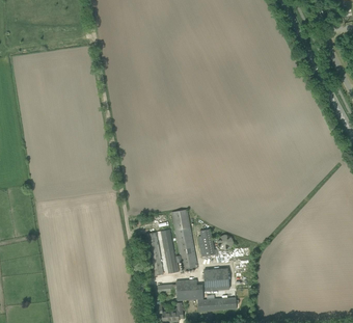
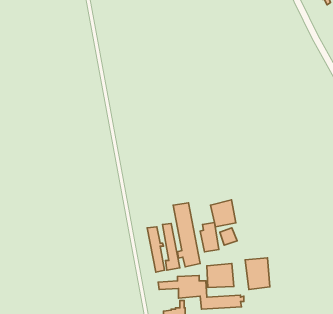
building: none -> [211,200,236,227]
building: none -> [245,258,270,290]

